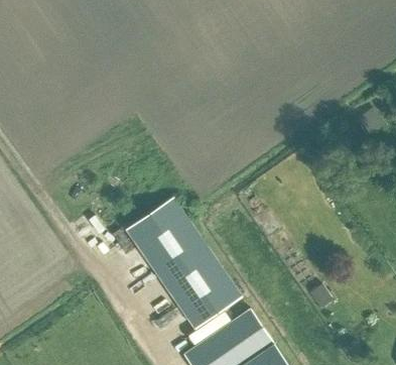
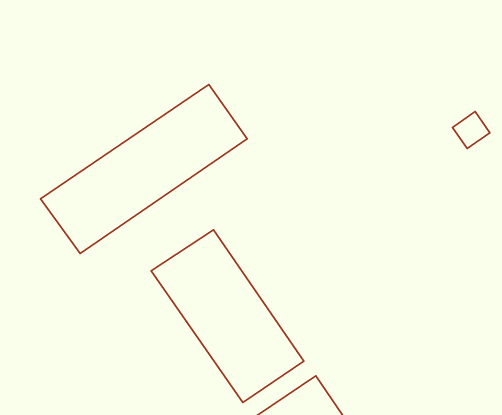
building: none -> [40,84,247,254]

